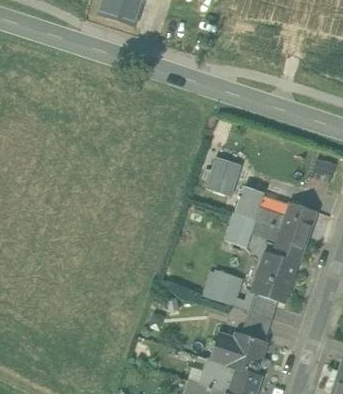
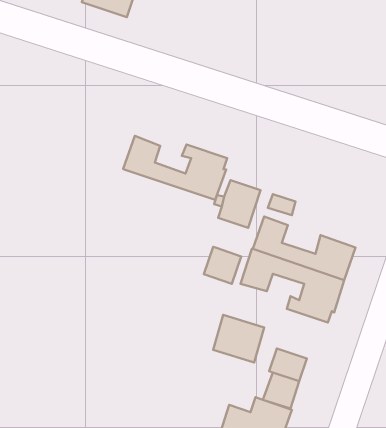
building: none -> [123,136,227,200]
building: none -> [204,247,241,284]
building: [251,261,295,303] -> none

